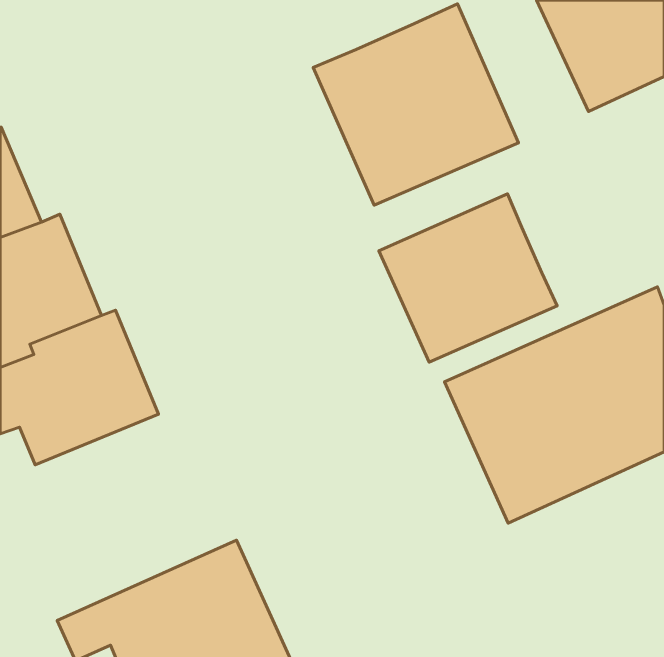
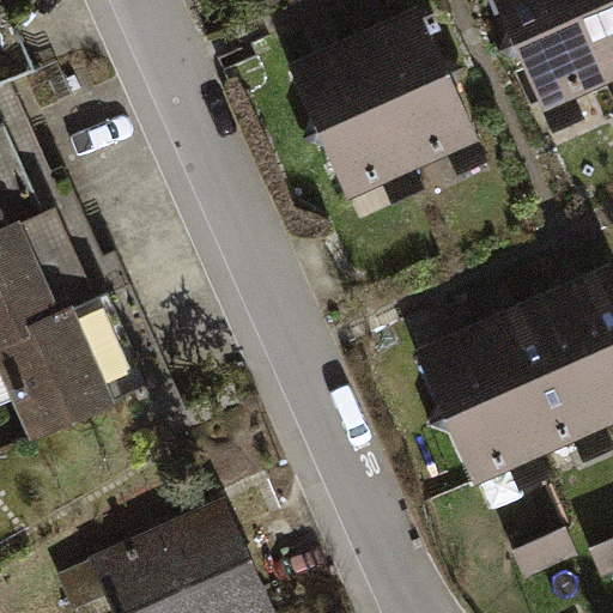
building: [379,194,557,362] -> none

